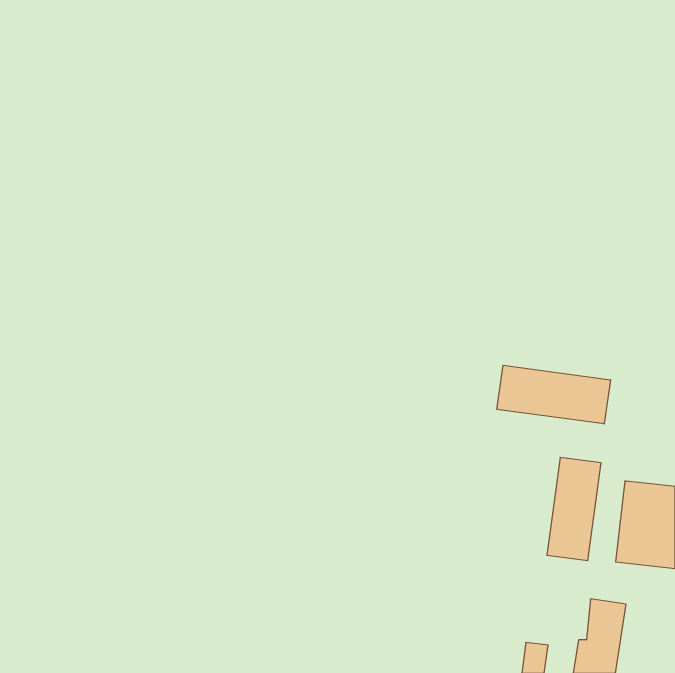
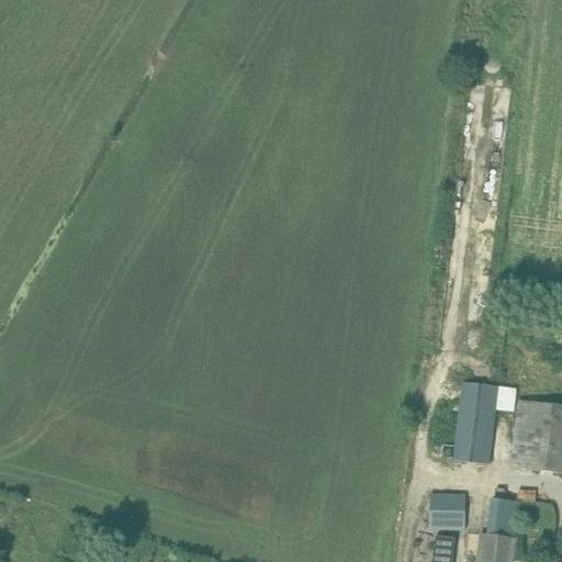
building: [497,365,611,424] -> none
building: none -> [430,492,467,528]

